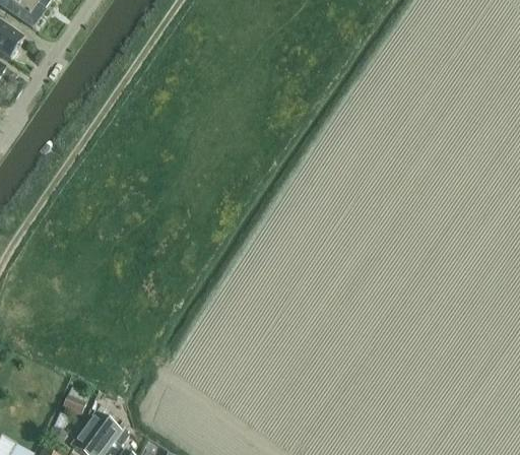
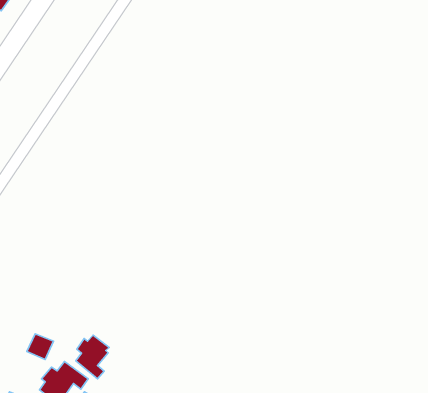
building: none -> [76,335,109,379]

